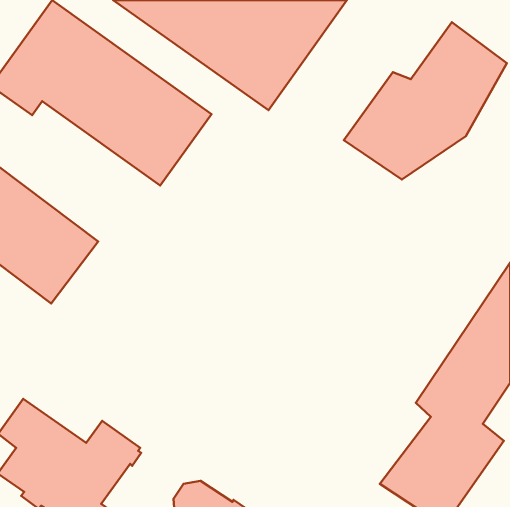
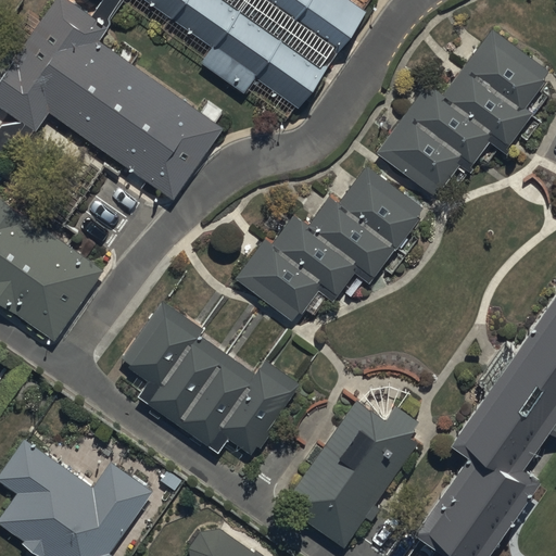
building: none -> [238,164,427,324]
building: none -> [122,300,304,453]
building: none -> [285,396,418,551]

